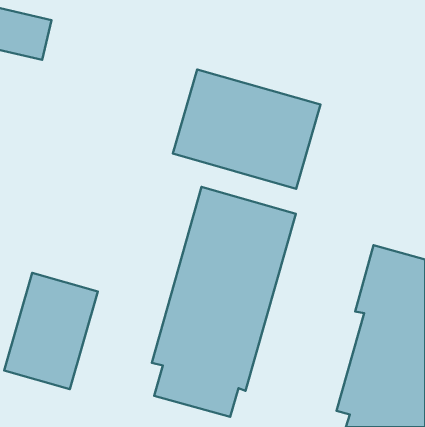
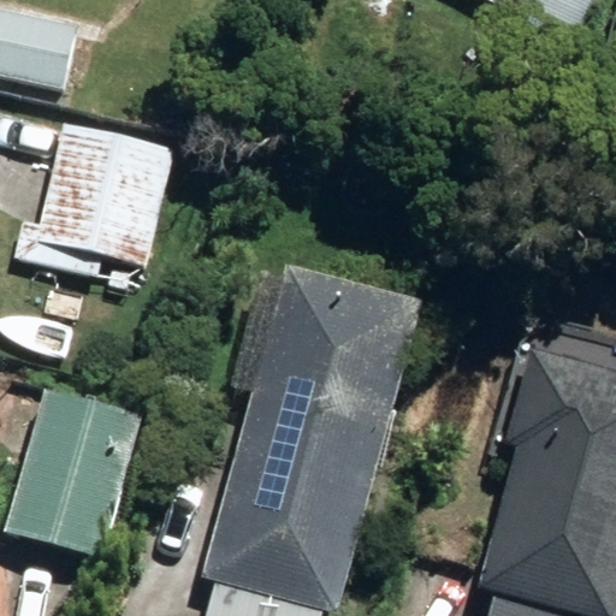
building: [173,69,321,189] -> none
building: none -> [11,125,170,273]

